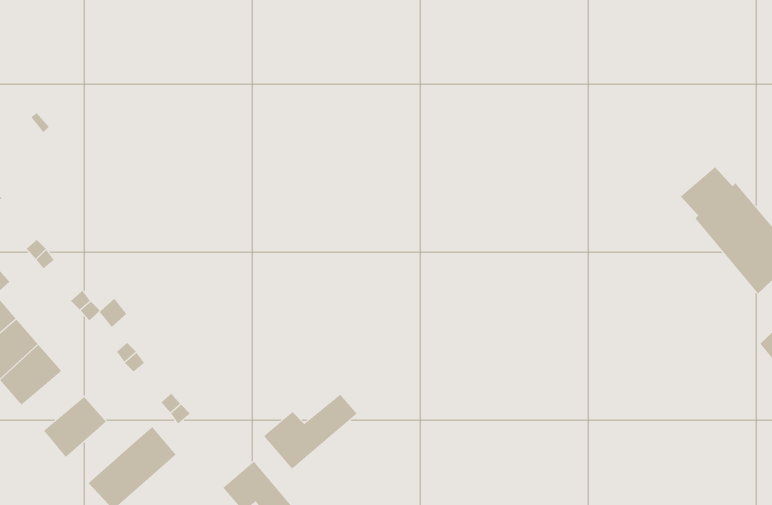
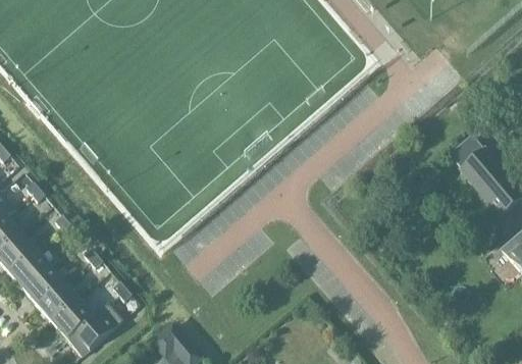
building: none -> [22,267,63,306]
building: [263,394,357,469] -> none
building: none -> [51,300,92,340]

